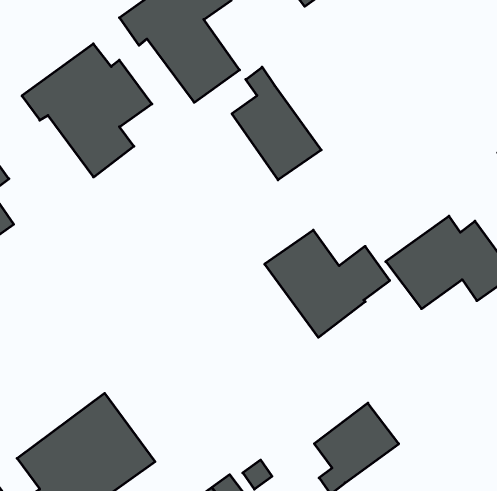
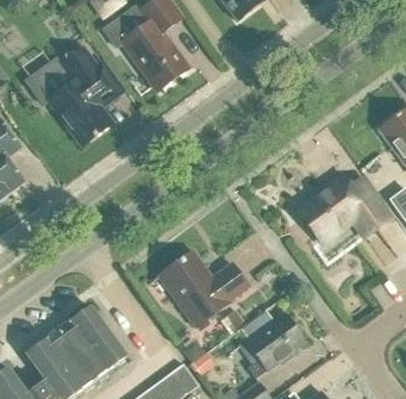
building: [232,67,321,180] -> none
building: [265,230,390,337] -> [157,250,249,329]

